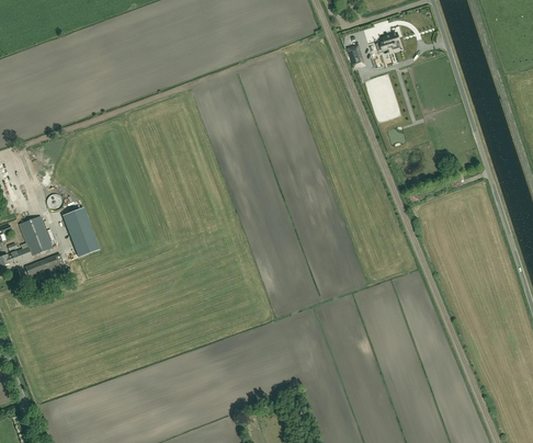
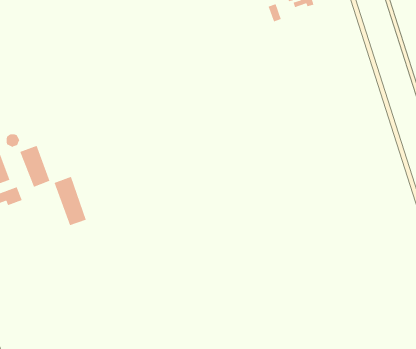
building: none -> [53,176,87,226]

